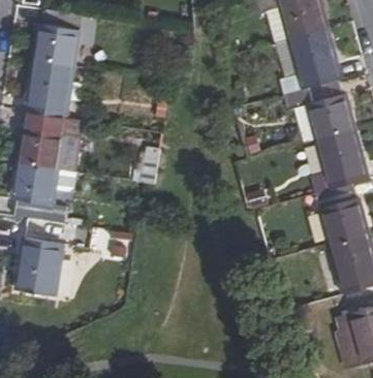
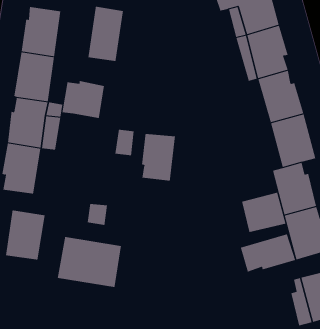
building: none -> [88,6,123,62]
building: none -> [62,80,105,119]
building: none -> [142,133,176,181]
building: none -> [242,192,286,233]
building: none -> [240,233,296,272]
building: none -> [57,236,121,288]

